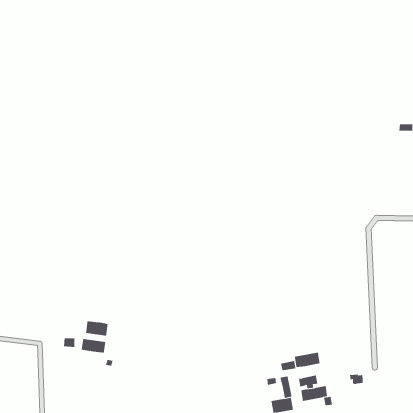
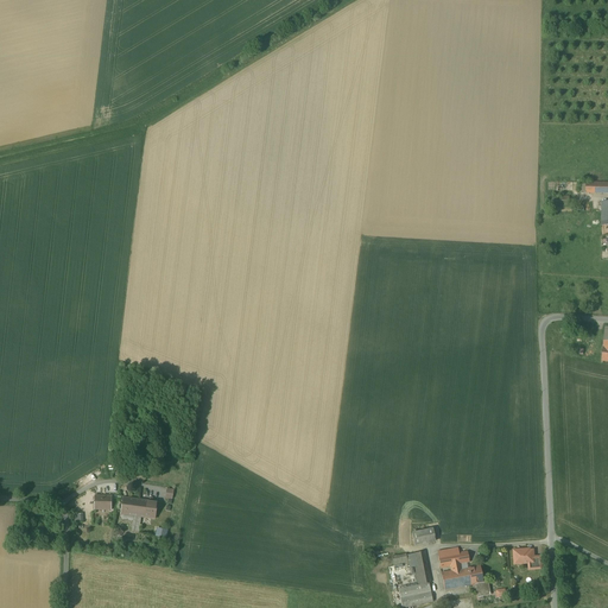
building: [86,321,108,336] -> none
building: [294,352,320,368] -> none

